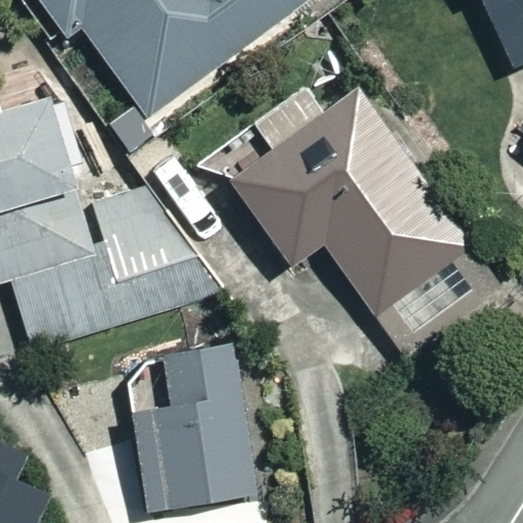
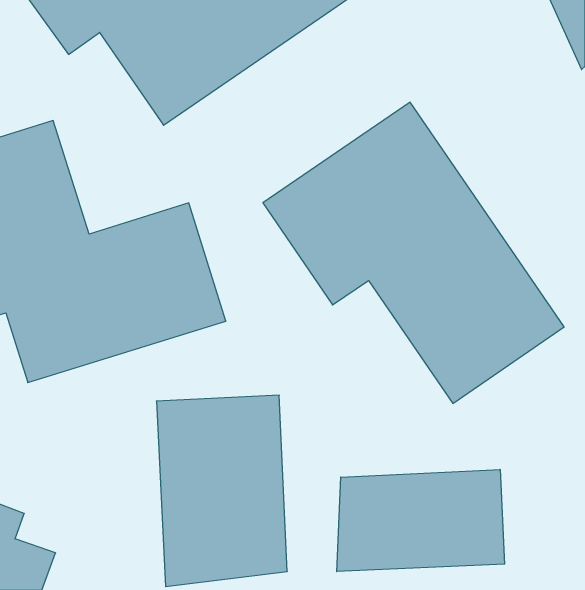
building: none -> [337,469,505,572]

